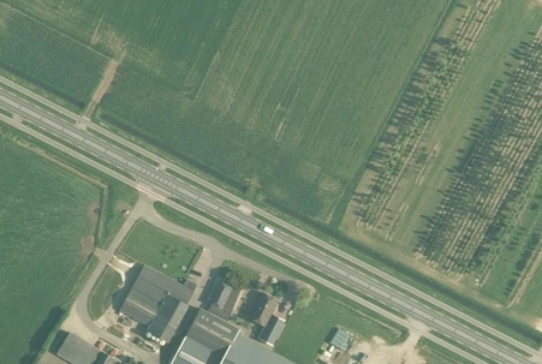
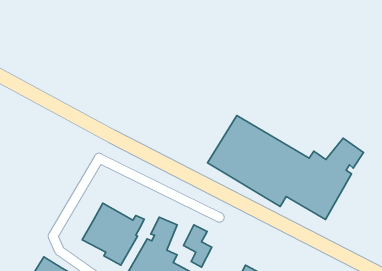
building: none -> [207,115,364,219]

